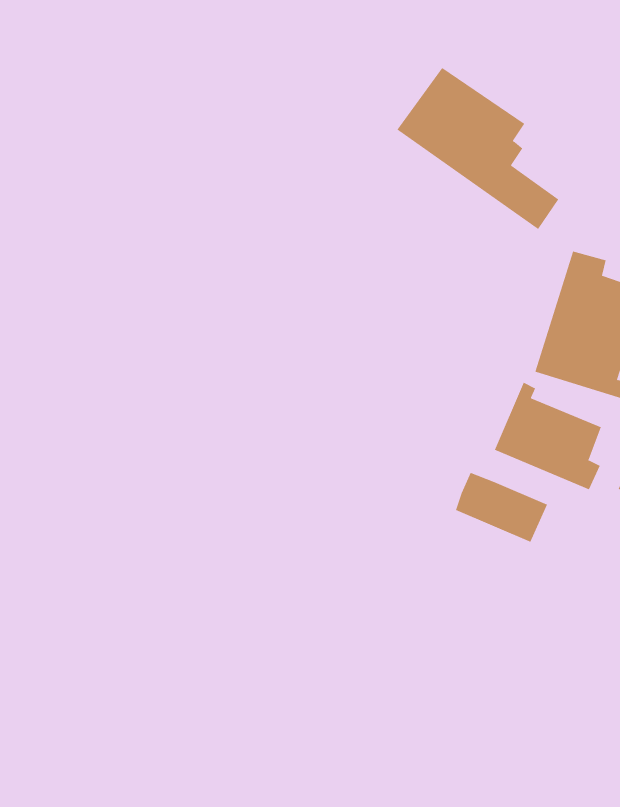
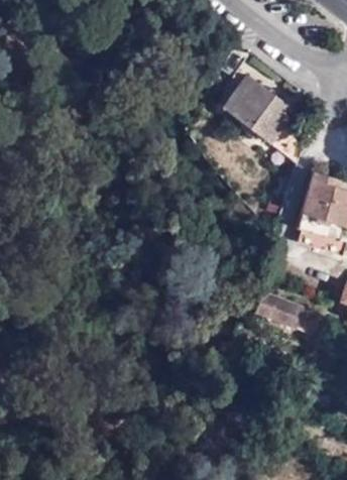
building: [494,382,602,490] -> none

